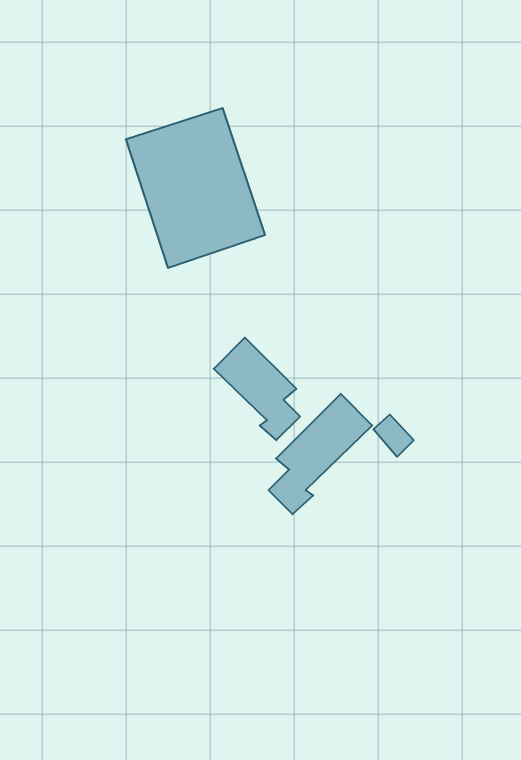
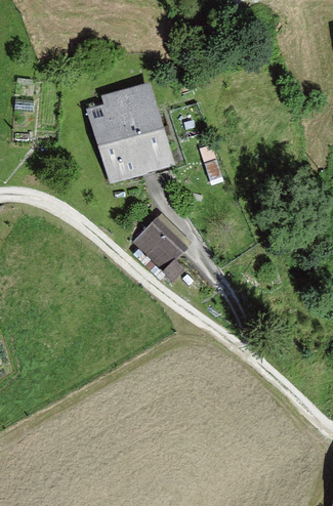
building: [269,394,372,514] -> none

